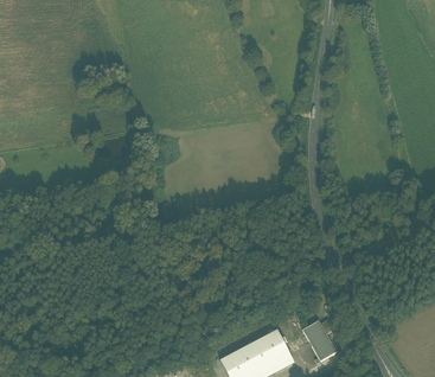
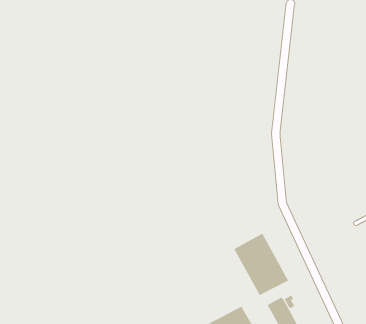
building: none -> [234,233,289,296]

